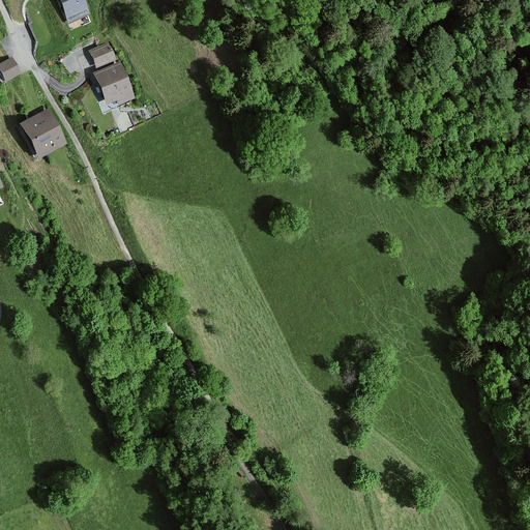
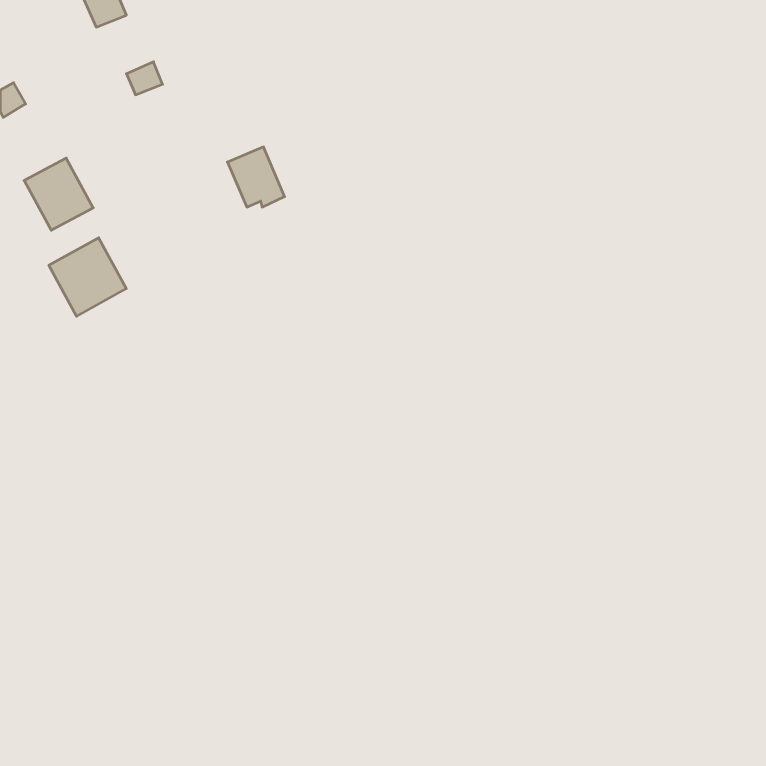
building: [94,62,134,104] -> [227,147,285,207]
building: none -> [49,238,126,316]

